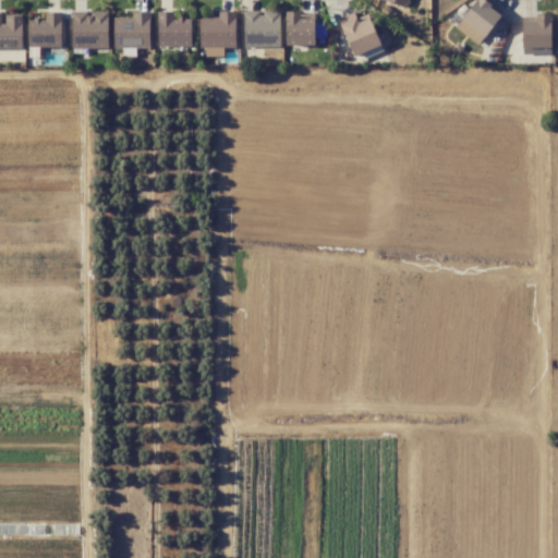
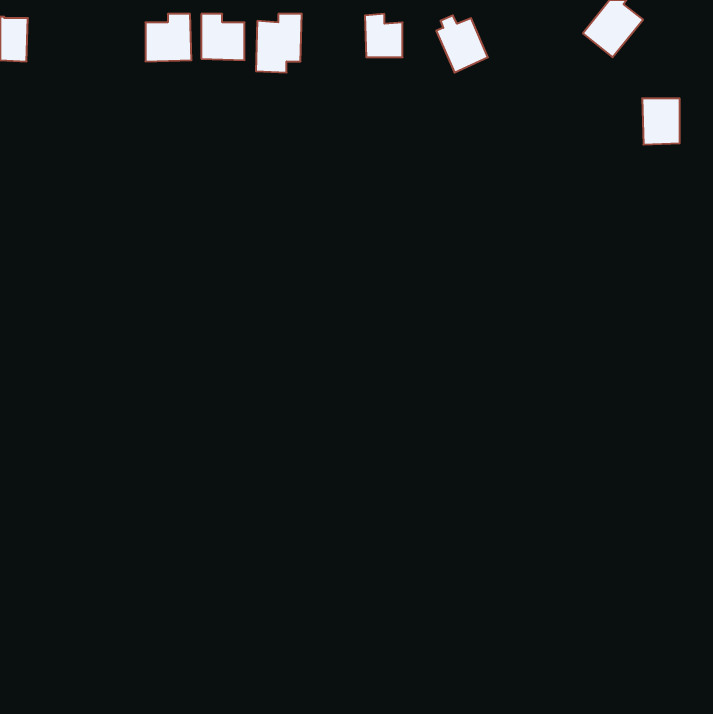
building: [244,10,281,47] -> none
building: [72,11,109,49] -> none
building: [28,12,61,47] -> none
building: [522,19,551,54] -> [642,98,680,145]

